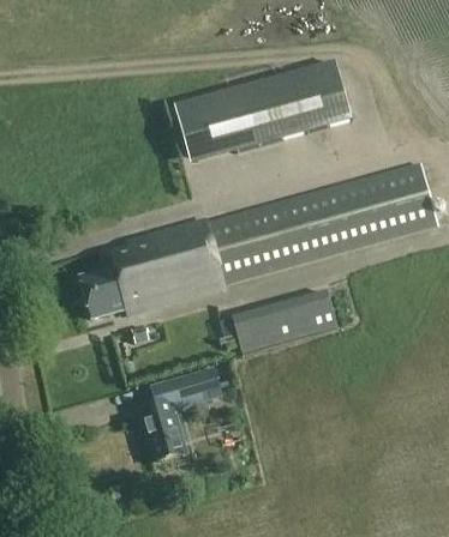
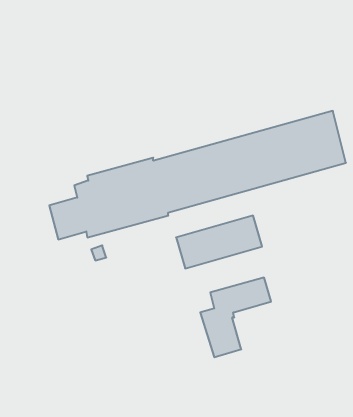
building: [174,62,352,156] -> none
building: [138,367,223,463] -> [200,278,271,357]

